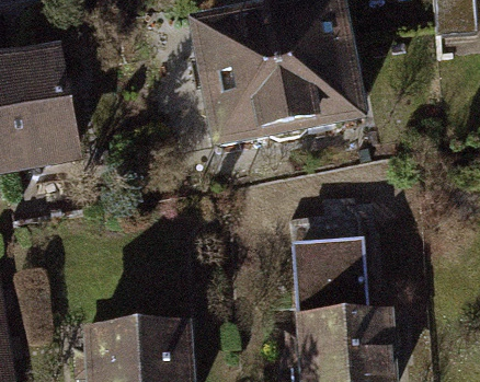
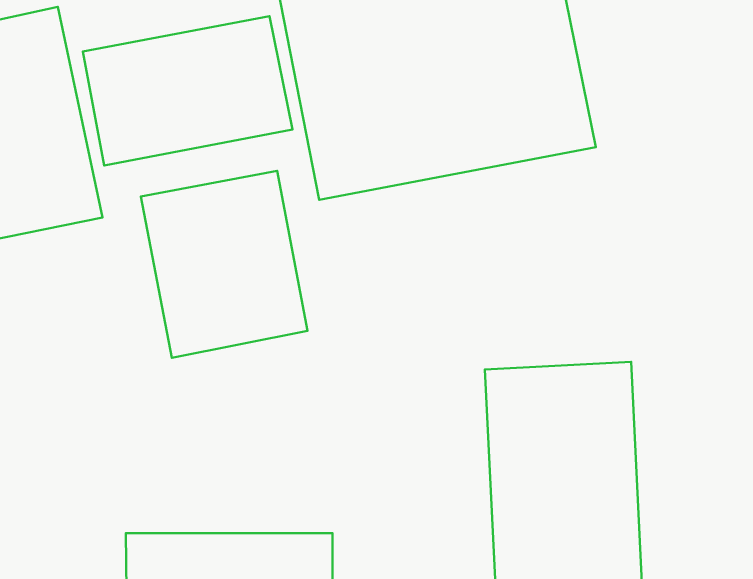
building: none -> [83,16,292,165]
building: none -> [141,171,307,358]

